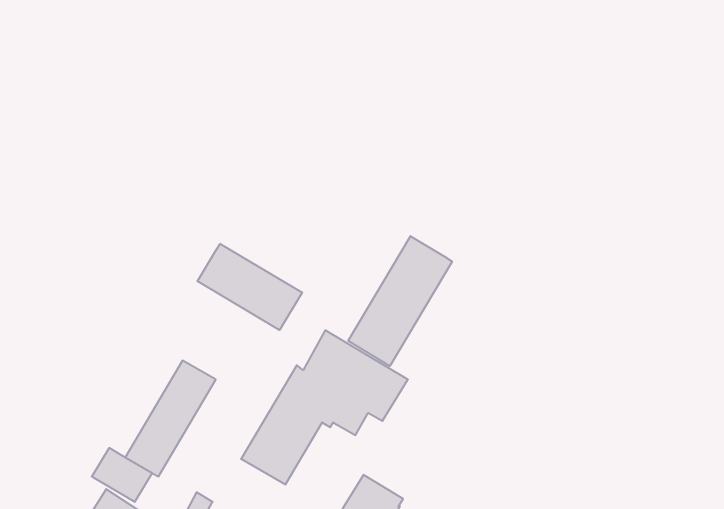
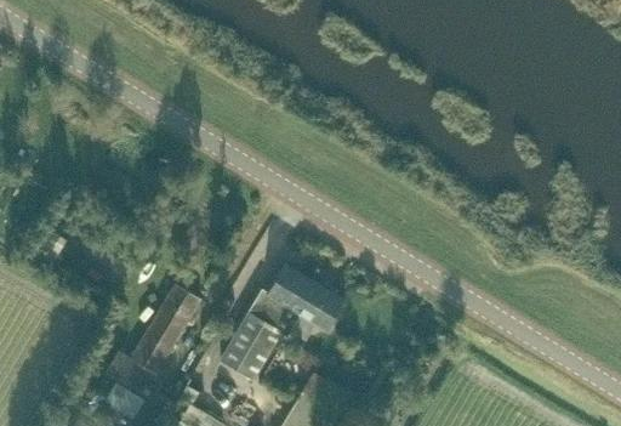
building: [348,236,452,366] -> none
building: [197,244,302,330] -> none

